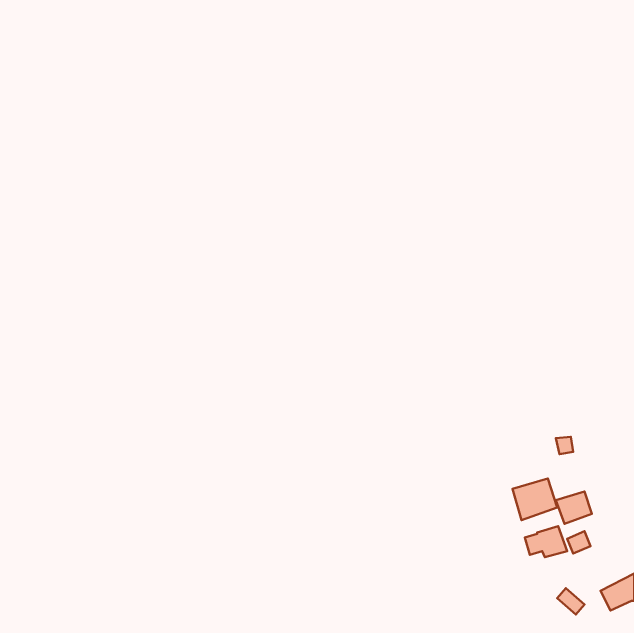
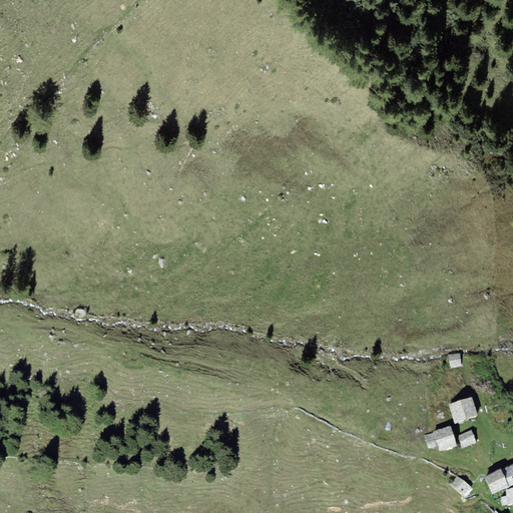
building: [512,478,557,520] -> none

